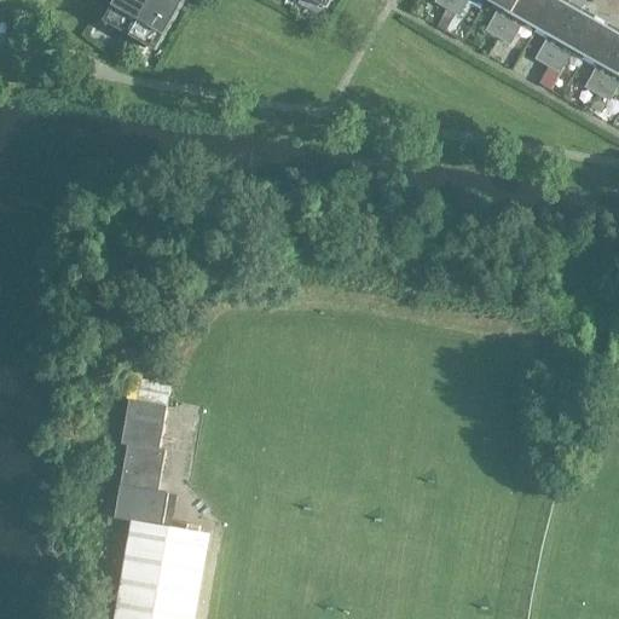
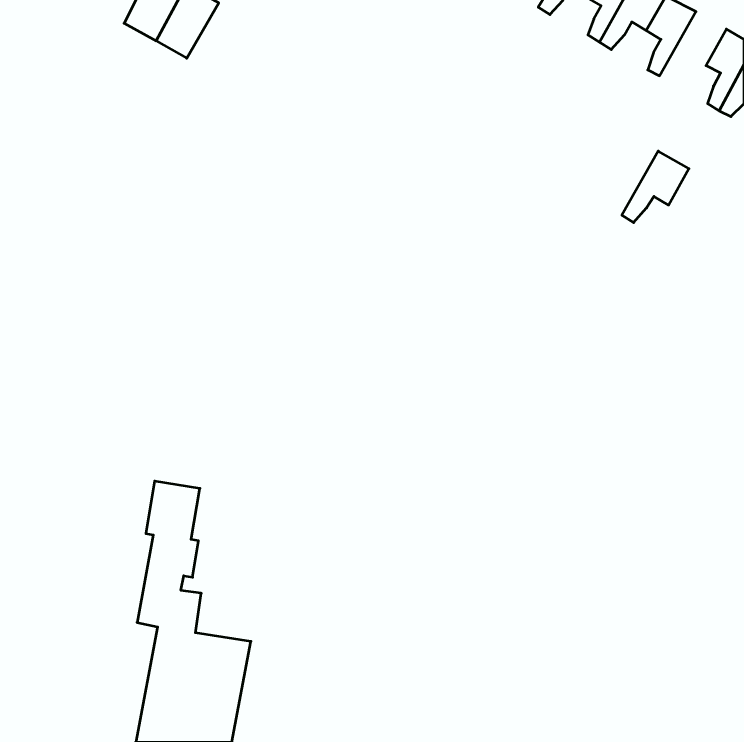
building: [546,10,602,69] -> [622,151,689,223]

